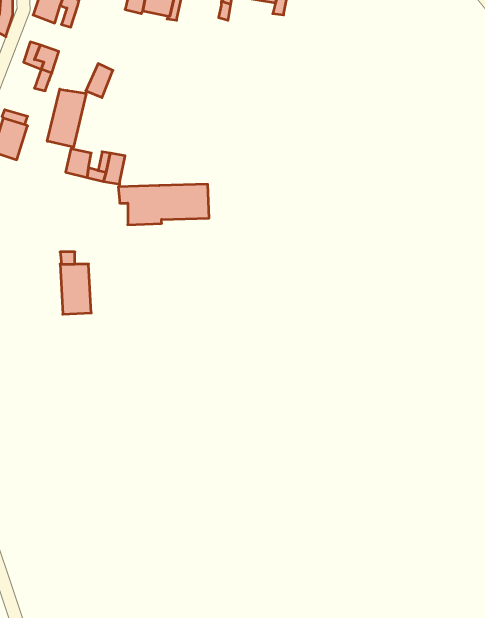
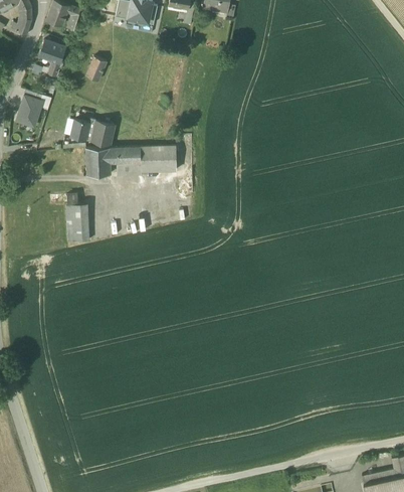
building: [47,89,86,147] -> none
building: none -> [84,148,110,177]

